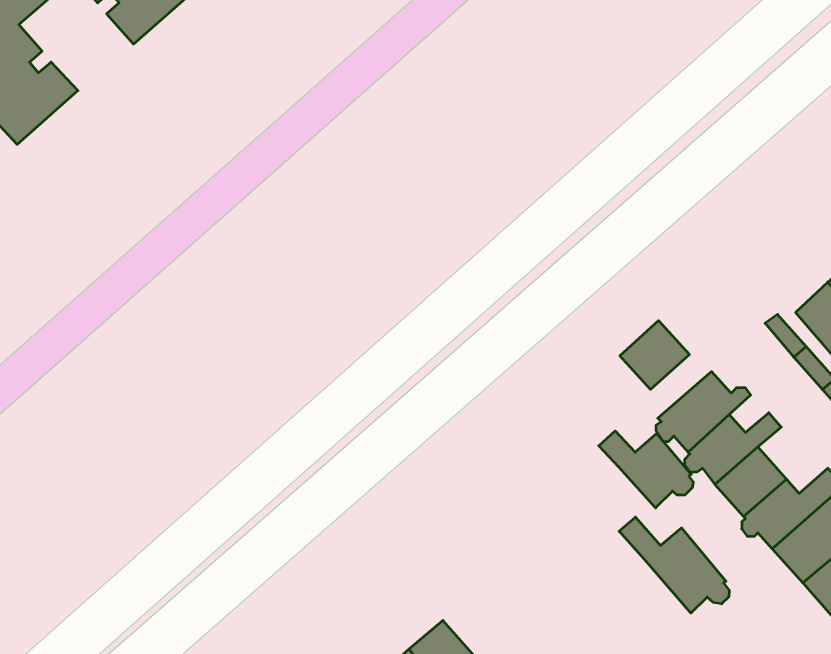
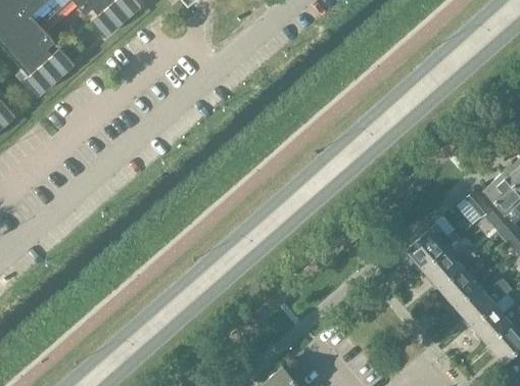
building: [620,321,689,389] -> none
building: [599,431,693,508] -> none
building: [619,517,729,613] -> none

